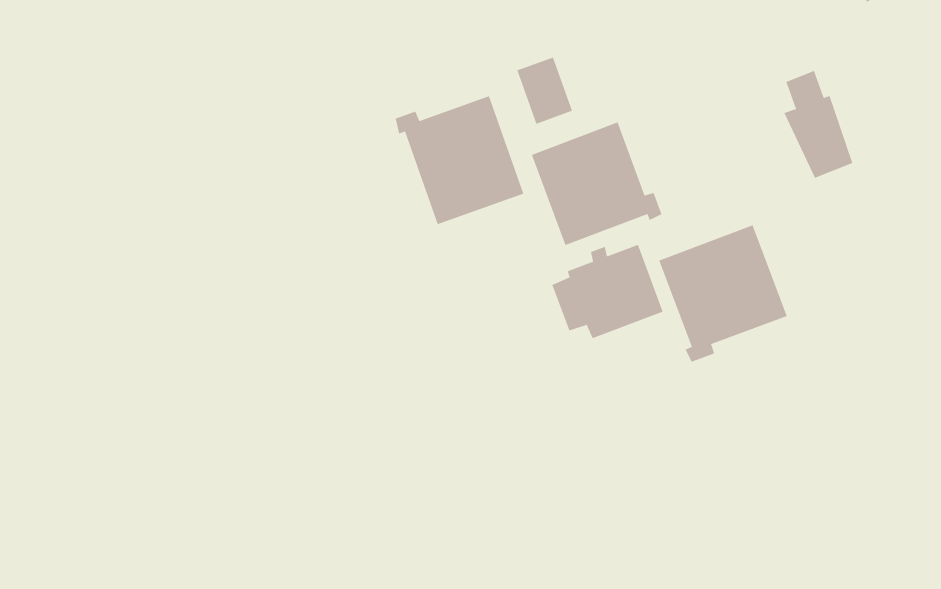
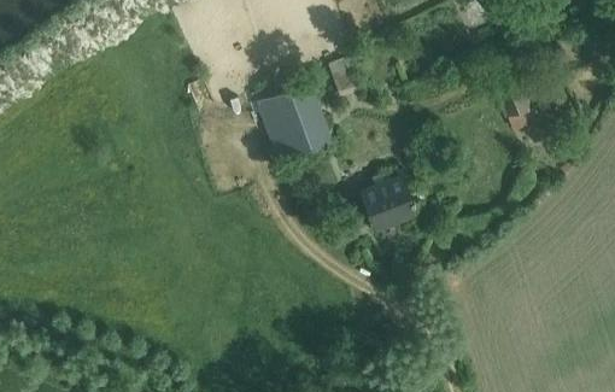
building: [531,122,662,246] -> none
building: [658,225,788,362] -> none

